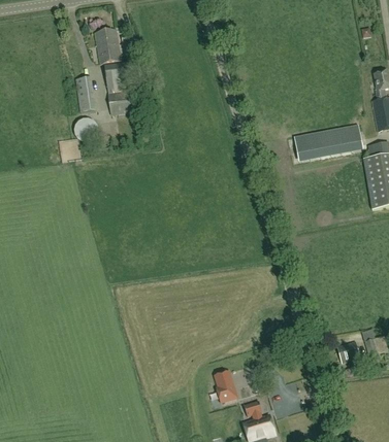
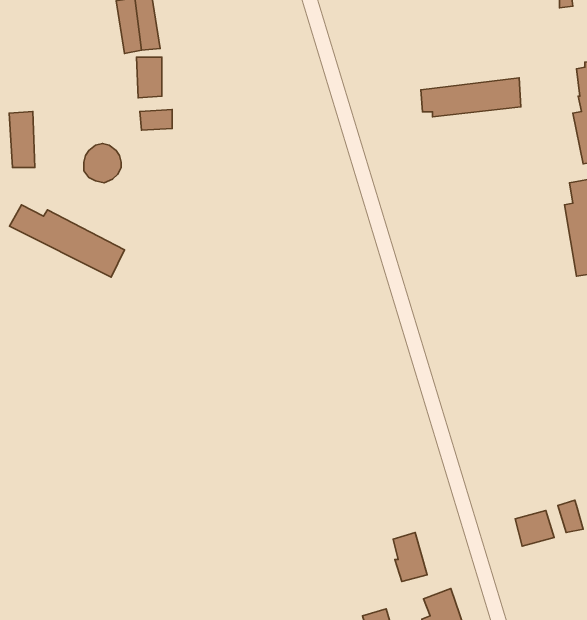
building: [78,75,94,109] -> [9,111,35,167]
building: [301,129,362,152] -> [421,78,521,117]
building: none -> [10,205,125,277]
building: [215,372,235,402] -> [393,532,427,582]

